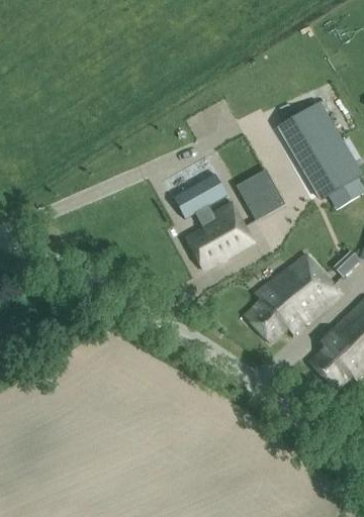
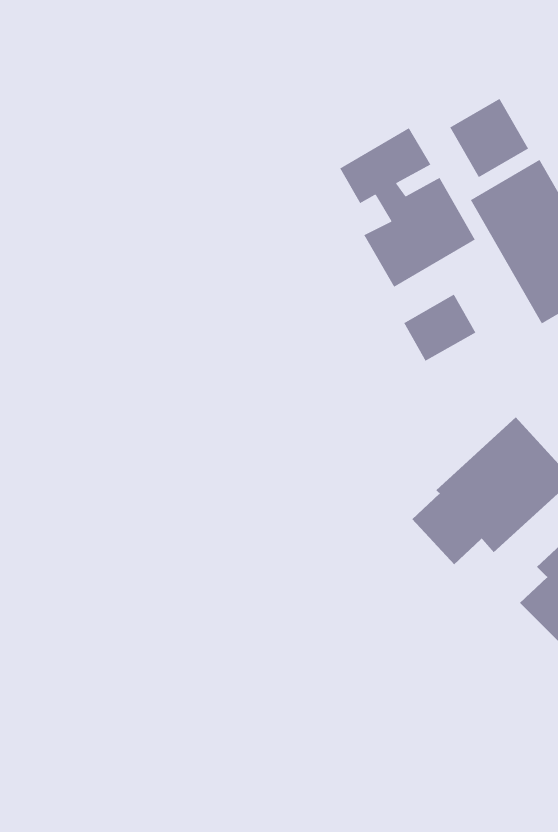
building: none -> [449,98,529,178]
building: [172,173,253,268] -> [339,127,476,288]

